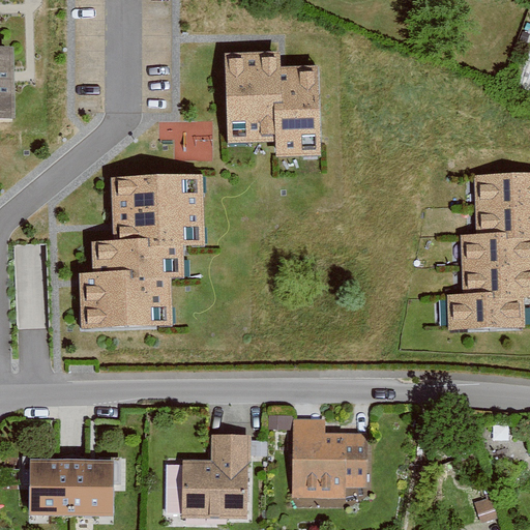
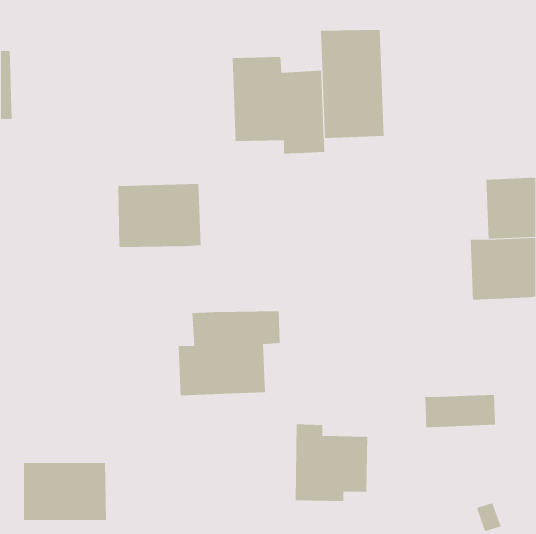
building: none -> [321,29,384,139]
building: [82,243,183,327] -> [178,311,281,396]
building: [451,294,522,327] -> [425,394,496,428]
building: [176,434,246,516] -> none

